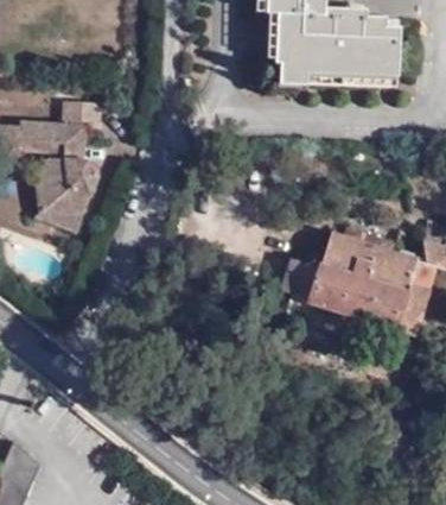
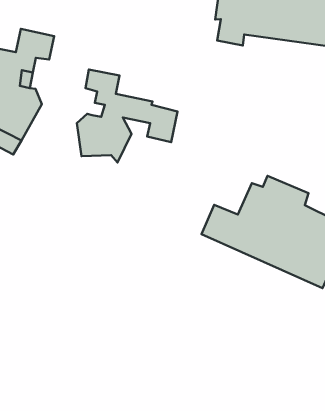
building: none -> [77,70,177,163]

